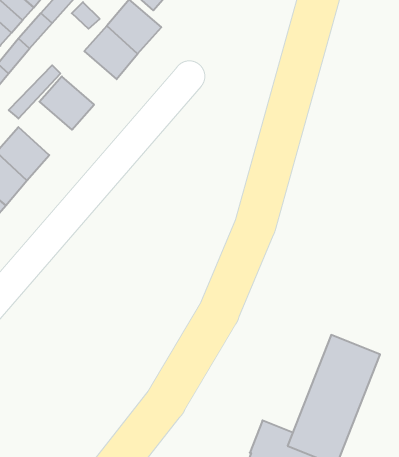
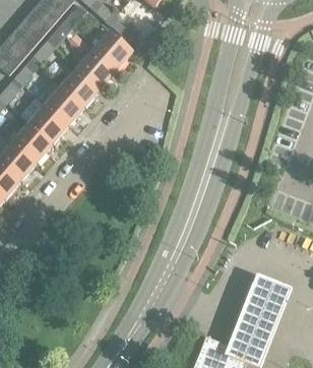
building: none -> [61,68,101,107]
building: none -> [29,105,68,143]

